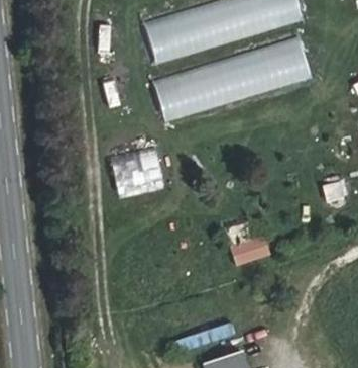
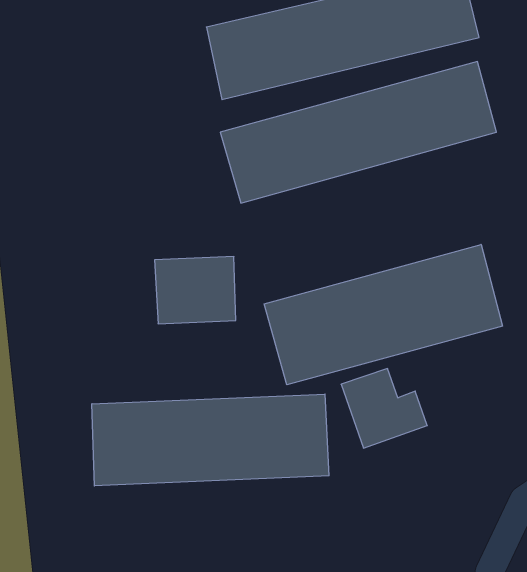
building: none -> [264,244,503,385]
building: none -> [92,394,329,486]

